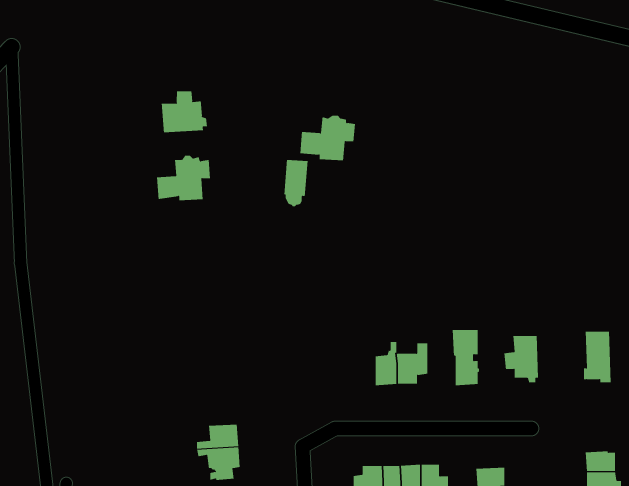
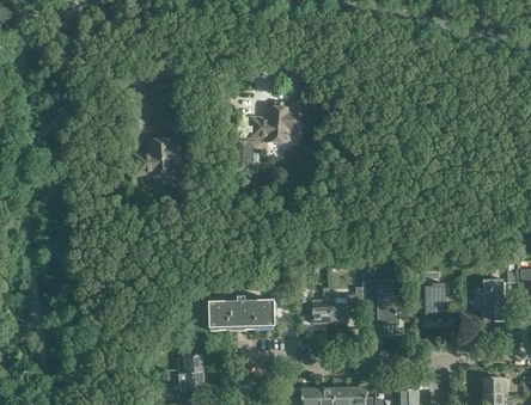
building: [161,90,207,133] -> none
building: none -> [207,296,274,329]

